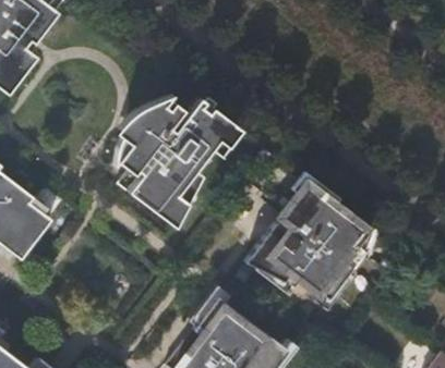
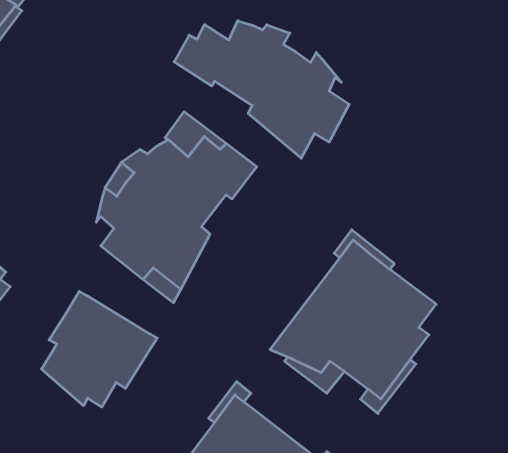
building: none -> [174,21,349,158]
building: none -> [41,291,157,407]

